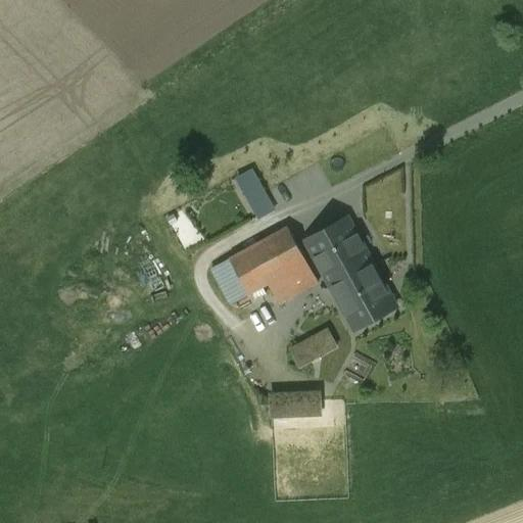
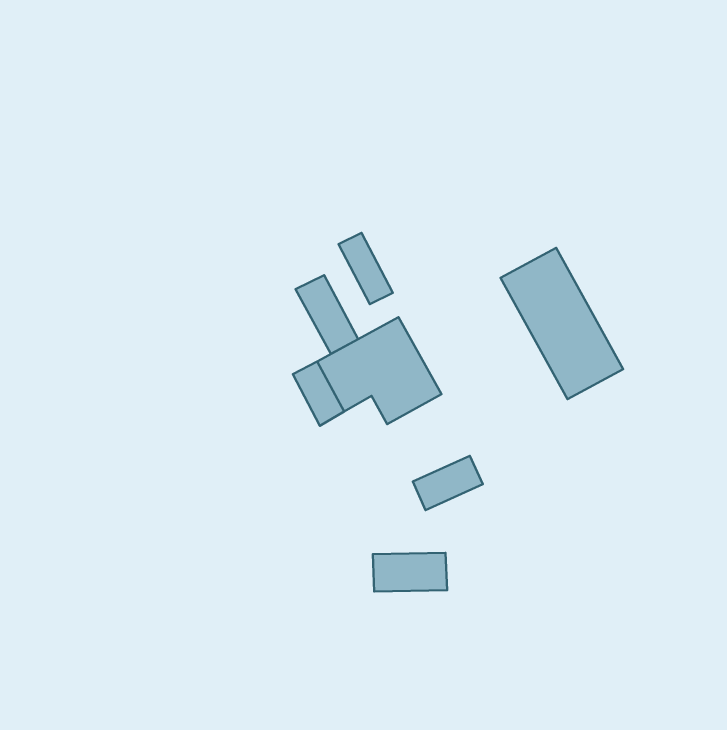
building: none -> [296,275,358,354]
building: [304,220,392,328] -> [500,248,623,399]

